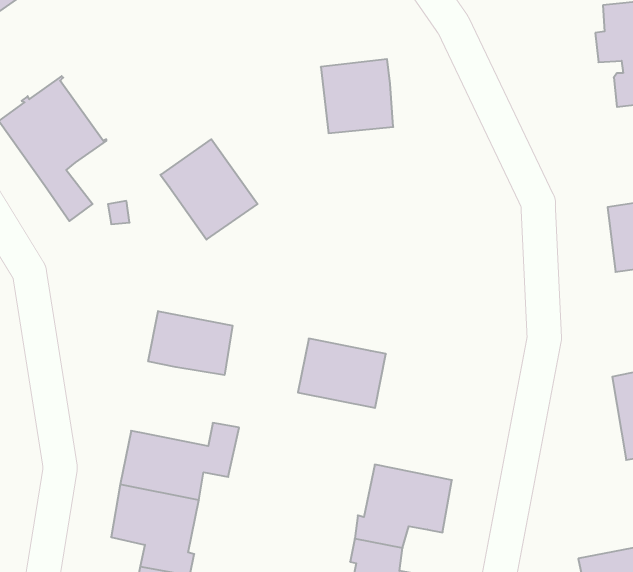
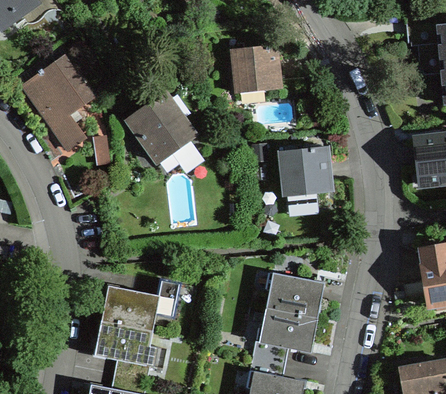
building: none -> [281,147,330,197]
building: [148,311,233,375] -> none
building: [298,339,386,408] -> [267,273,324,318]

